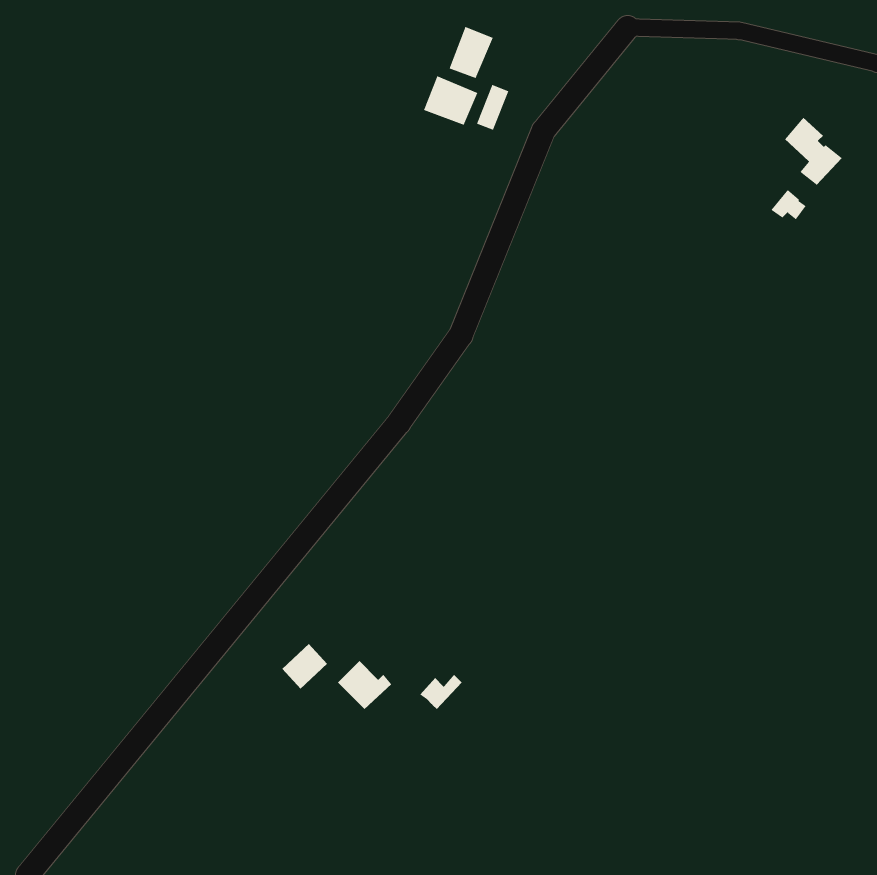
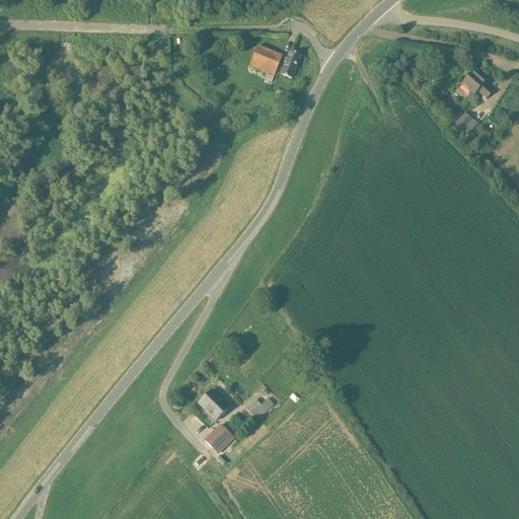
building: [449,26,493,79] -> none
building: [281,643,328,690] -> [204,424,231,451]

